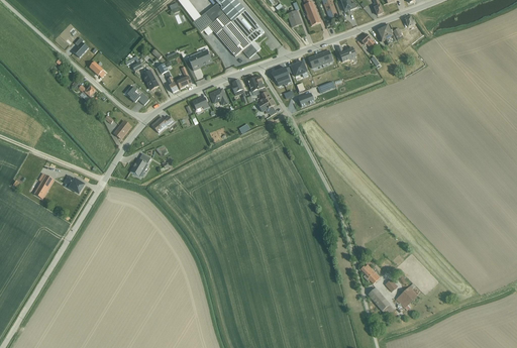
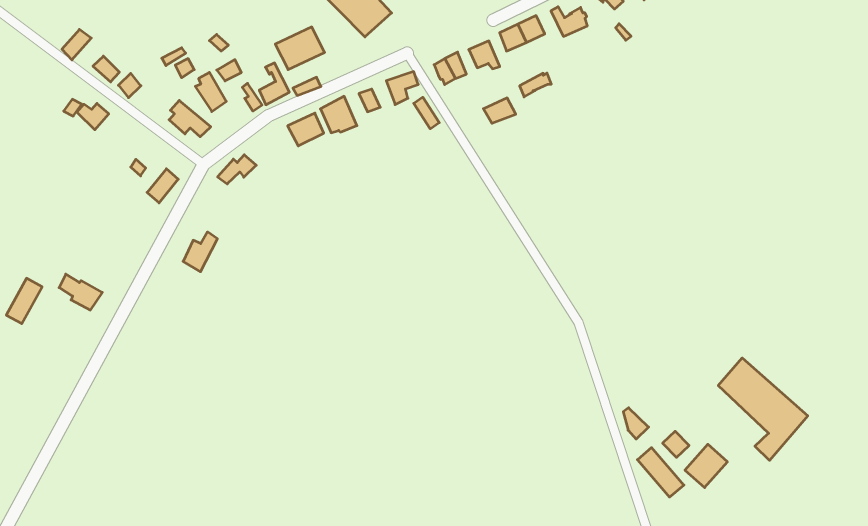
building: none -> [718,358,808,460]

